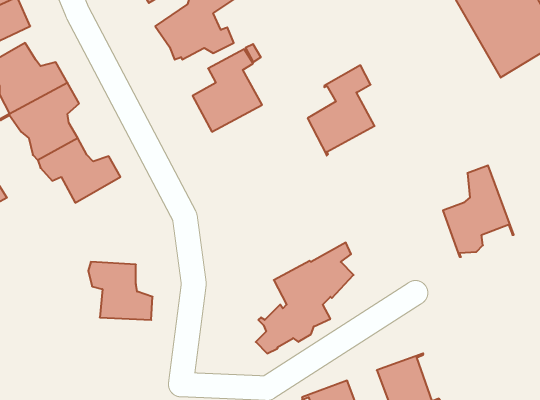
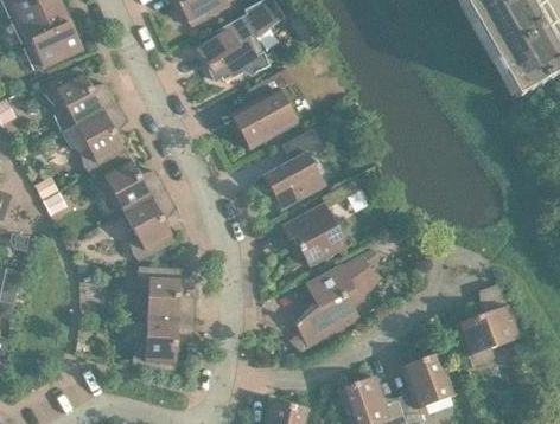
building: [308,65,375,156] -> [263,127,325,210]
building: [443,165,514,257] -> [456,282,521,366]
building: none -> [123,187,176,261]
building: none -> [281,201,346,264]
building: none -> [119,316,193,368]

